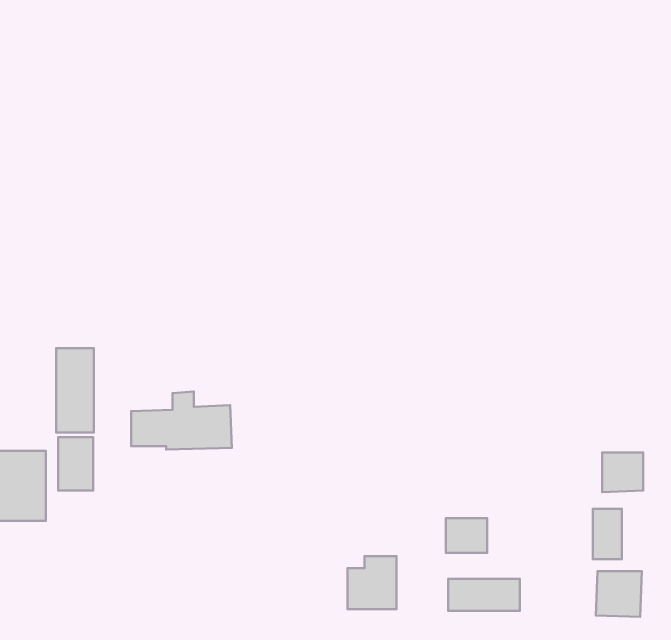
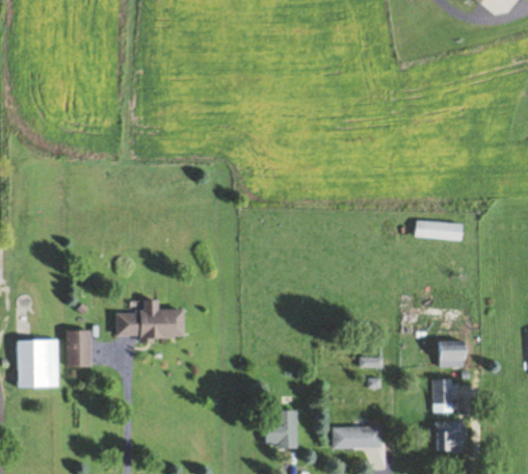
building: none -> [414,220,464,241]
building: [56,348,94,433] -> none
building: [446,518,487,553] -> none

